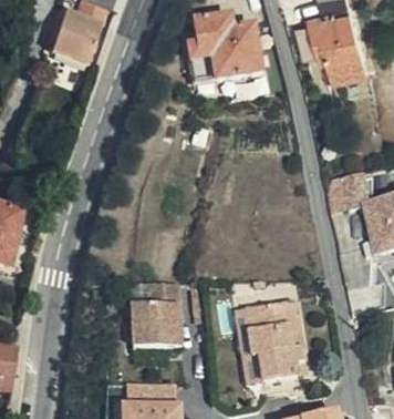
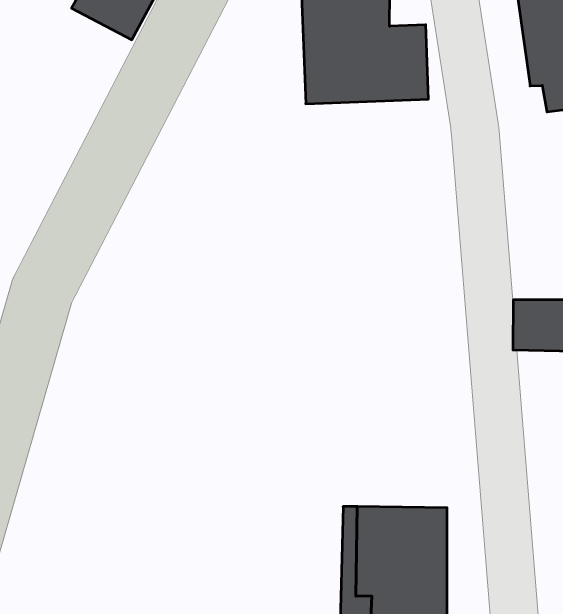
building: [128,284,175,349] -> none

